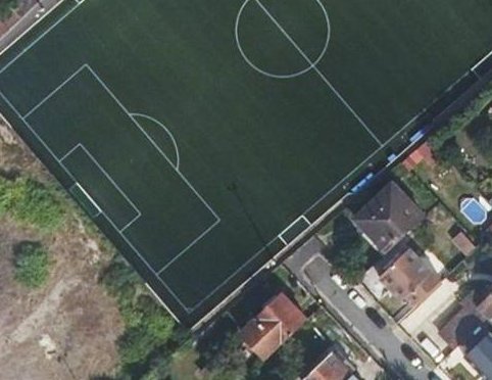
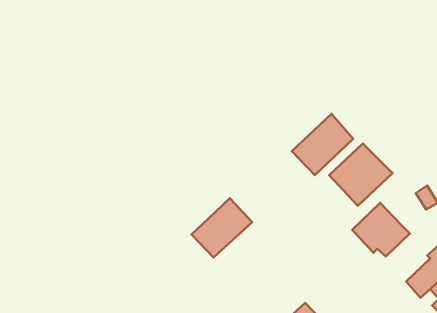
building: none -> [292,114,353,175]
building: [241,294,305,358] -> [192,198,252,258]

